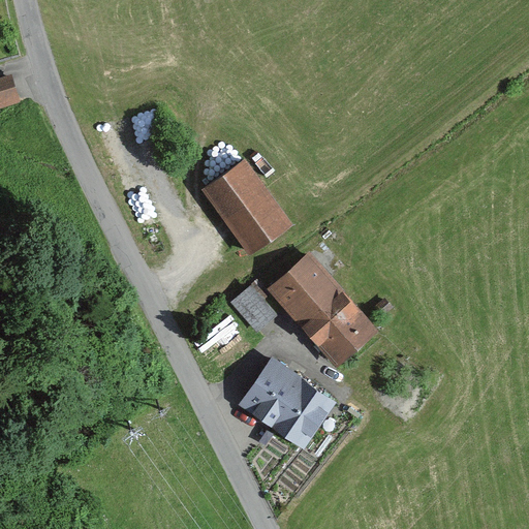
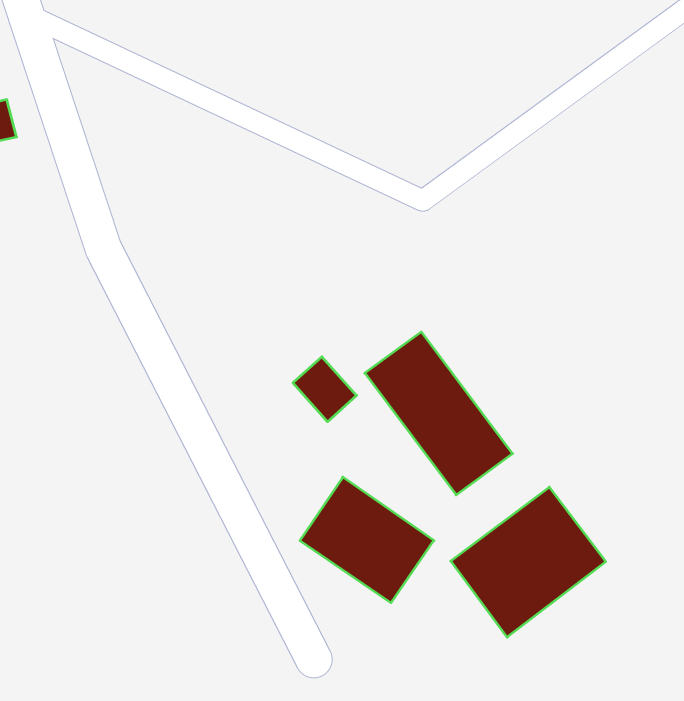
building: [205,161,291,256] -> none
building: none -> [451,487,606,637]

